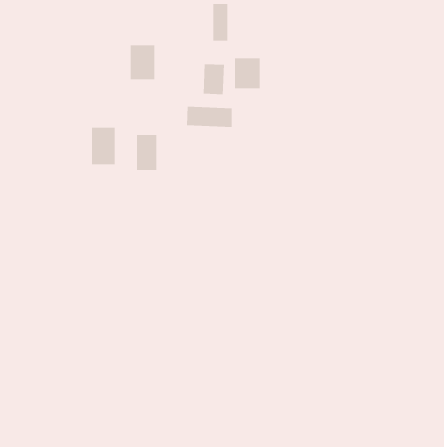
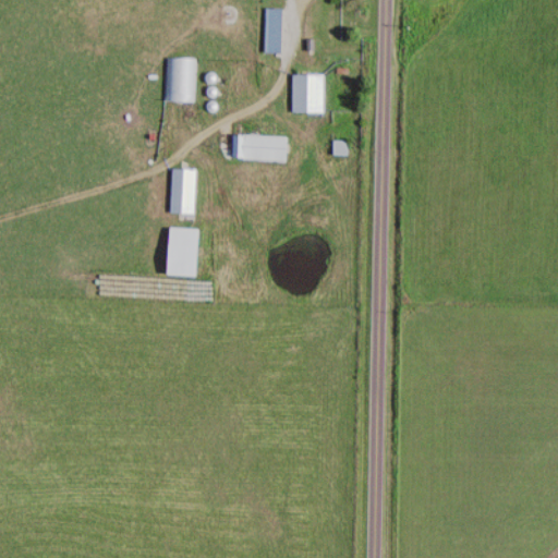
building: [203,63,224,95] -> none
building: [91,127,116,165] -> [171,229,202,276]

